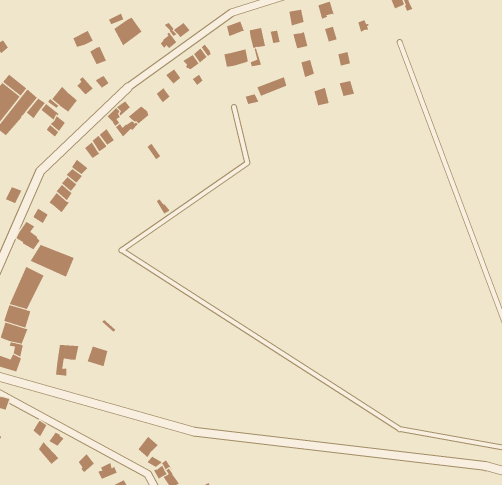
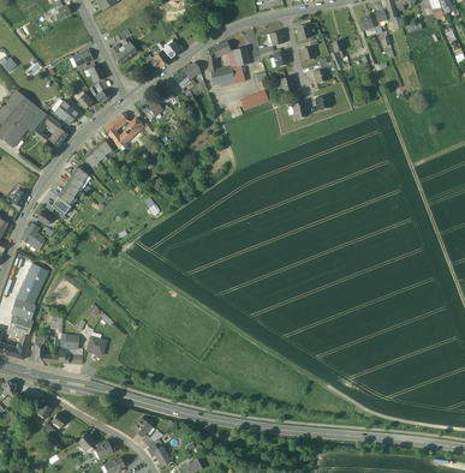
building: [30,244,74,278] -> none

